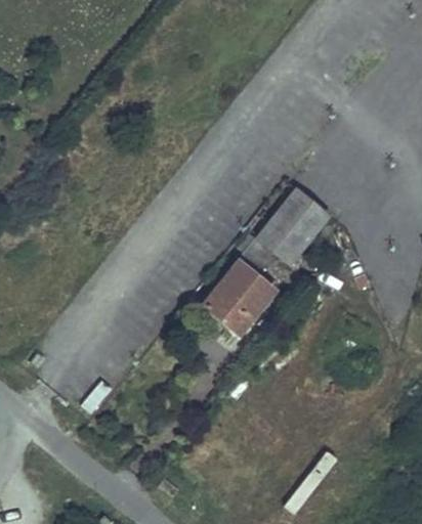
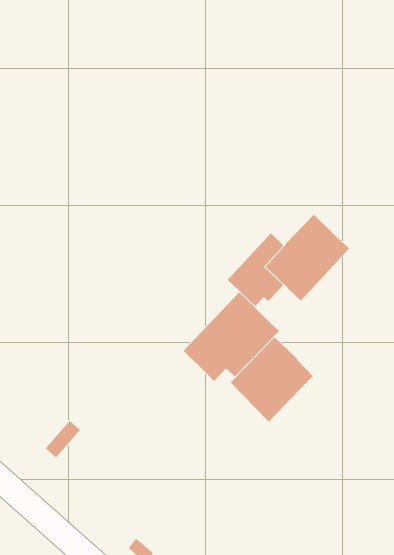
building: none -> [230,336,313,422]

